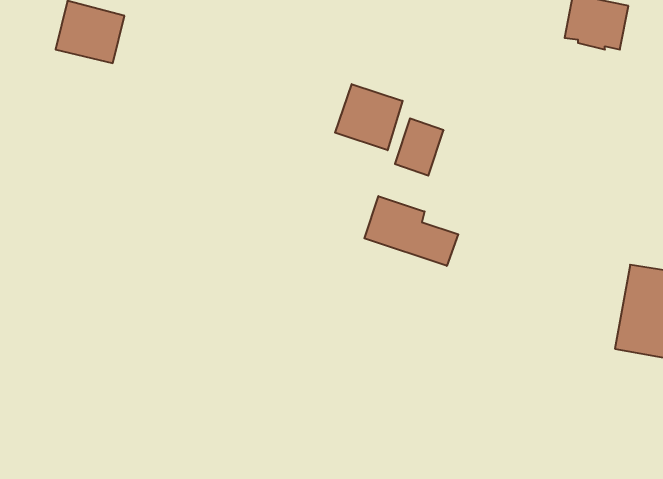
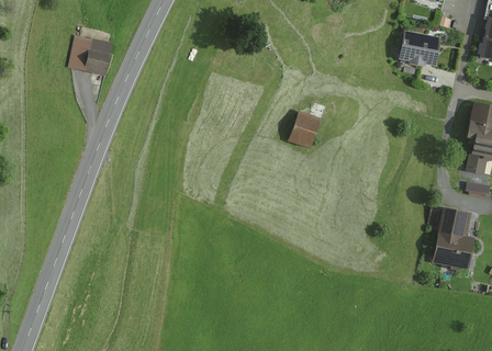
building: [335,84,403,150] -> none
building: [364,196,458,266] -> none

